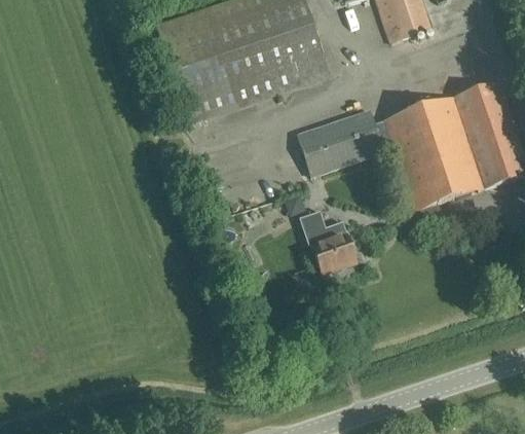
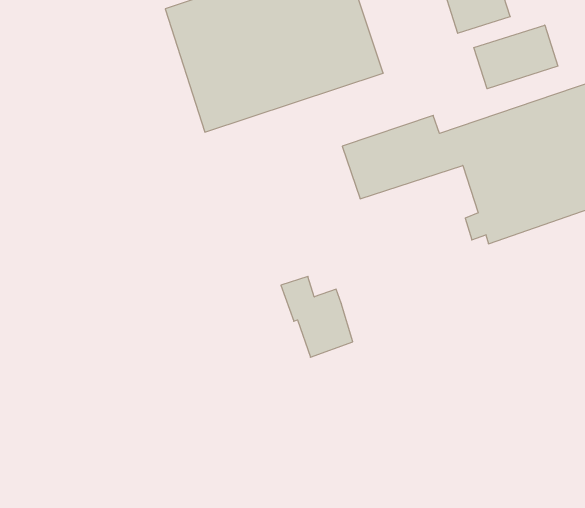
building: none -> [474,25,558,89]
building: [299,211,357,276] -> [281,276,353,357]

